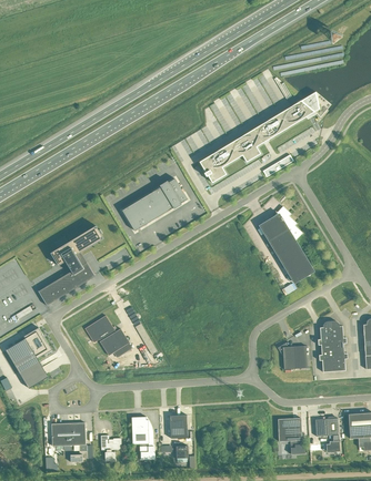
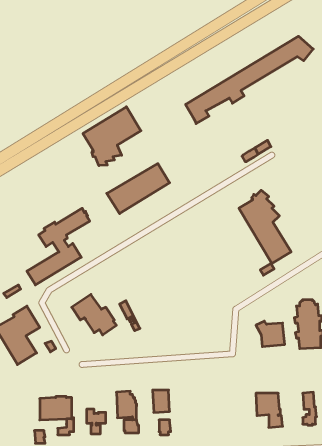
building: [197,91,330,182] -> [186,36,313,124]
building: none -> [83,107,141,166]

